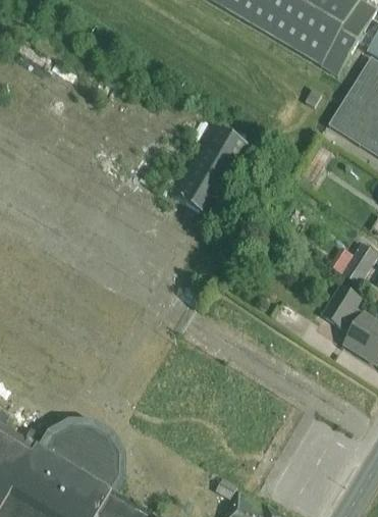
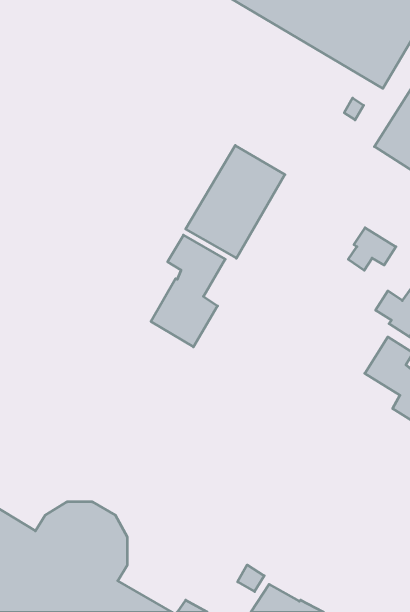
building: none -> [348,228,396,270]
building: none -> [151,235,225,347]

